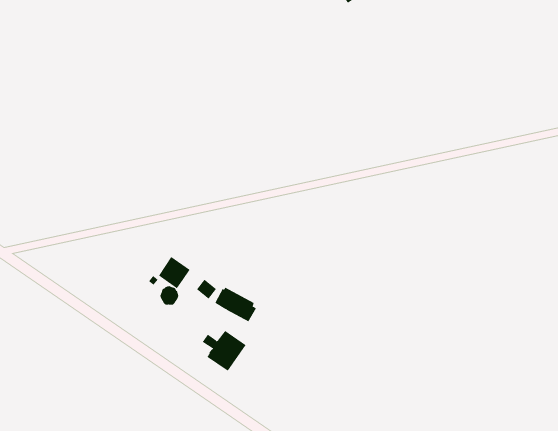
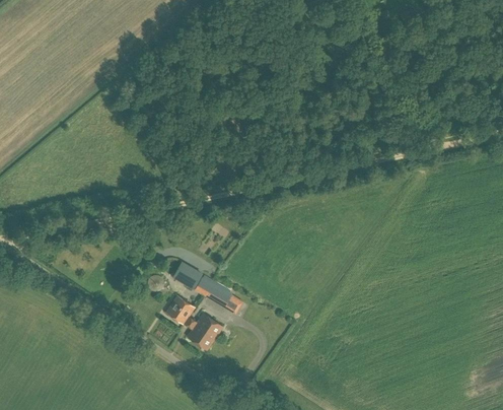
building: [158,256,190,289] -> [166,294,195,324]

